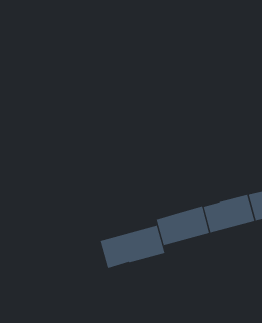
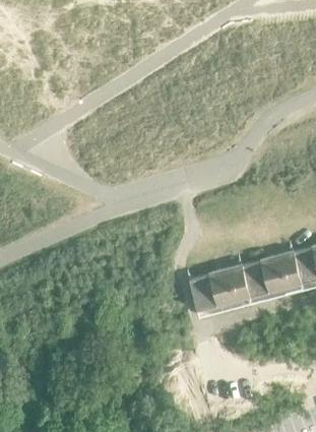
building: [100,225,165,269] -> none

